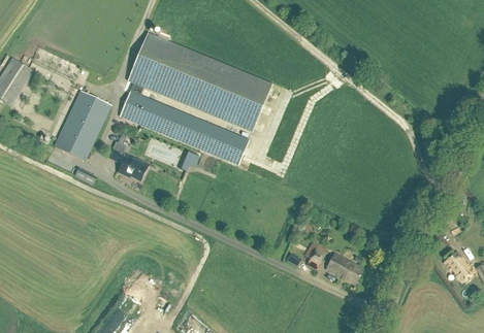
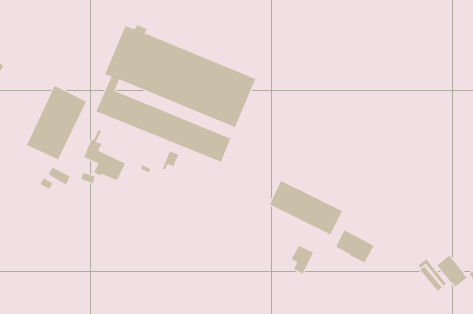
building: none -> [269,180,343,235]
building: [327,254,364,286] -> [335,230,375,263]

